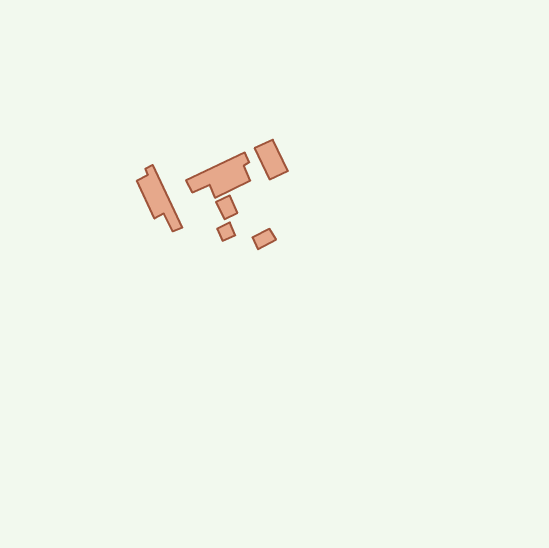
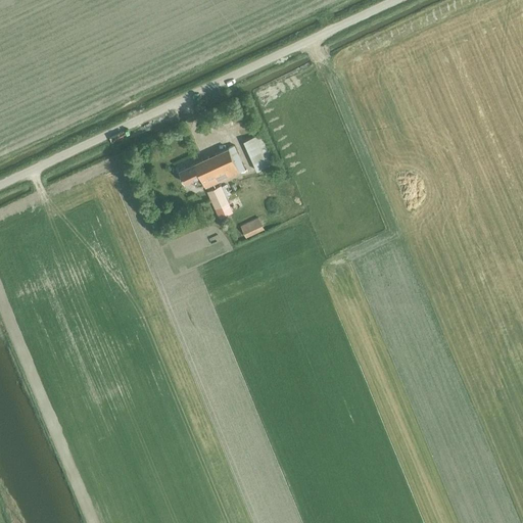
building: [137,165,182,231] -> none

